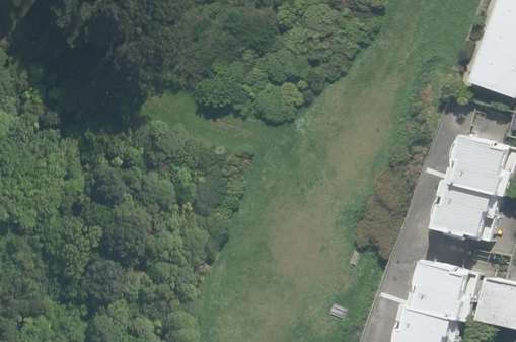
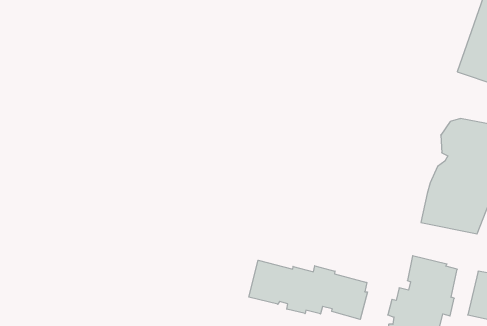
building: none -> [249,260,367,319]

